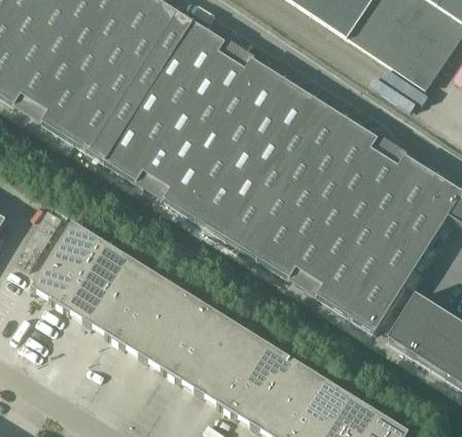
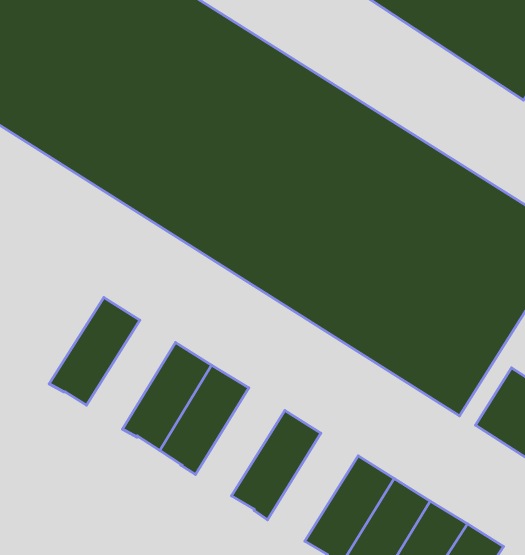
building: [30,220,100,304] -> none
building: [86,255,155,339] -> none
building: [171,307,240,391] -> none
building: [226,342,296,426] -> none

